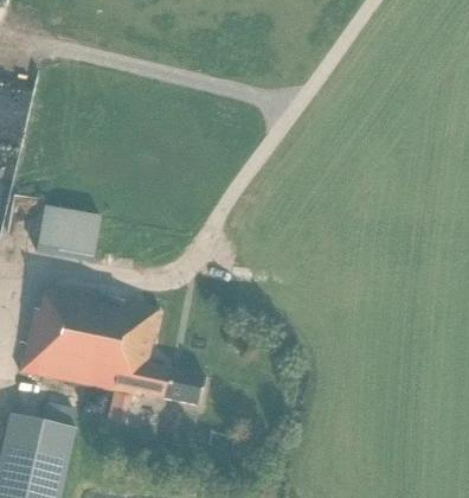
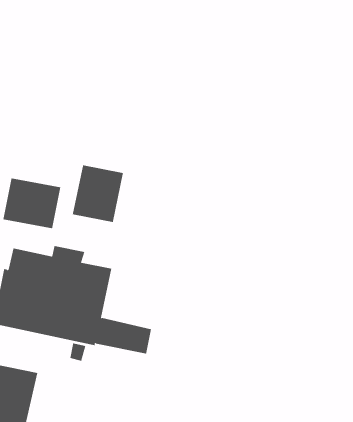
building: none -> [72,165,124,223]

